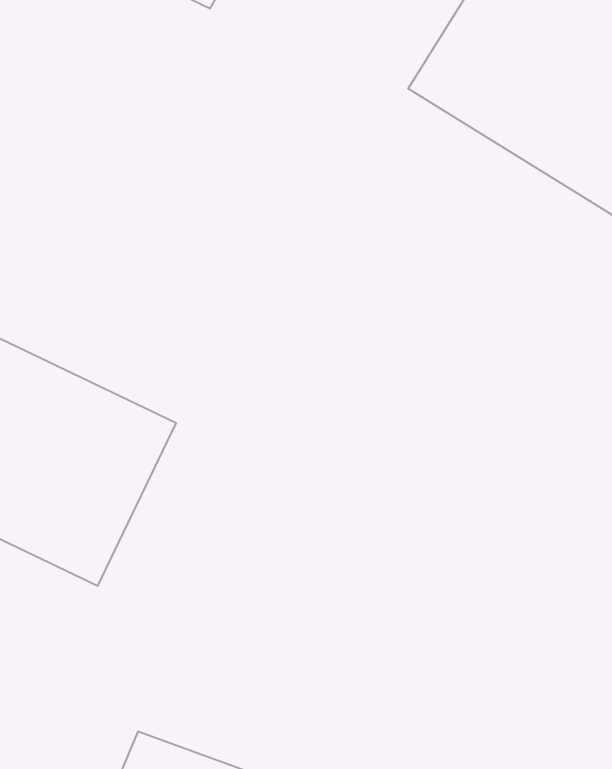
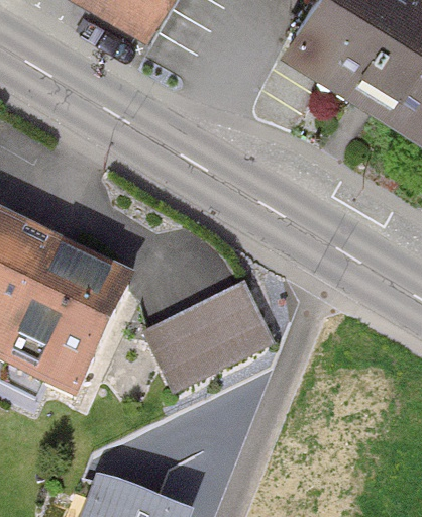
building: none -> [142,279,276,392]

